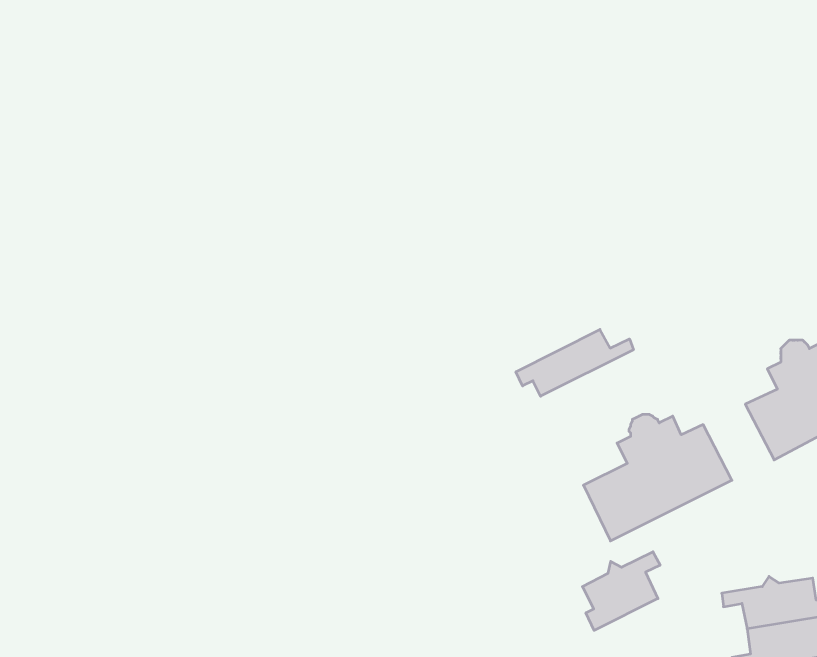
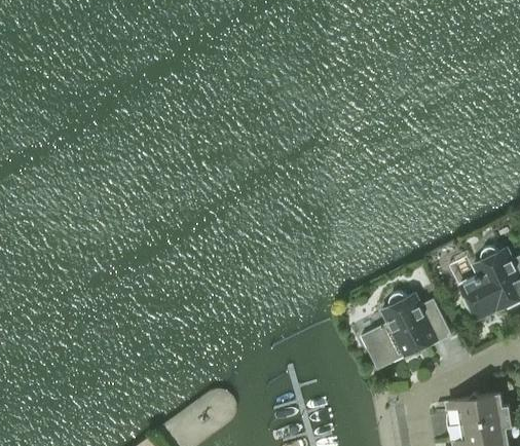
building: [516,329,633,396] -> none
building: [582,552,660,630] -> none

